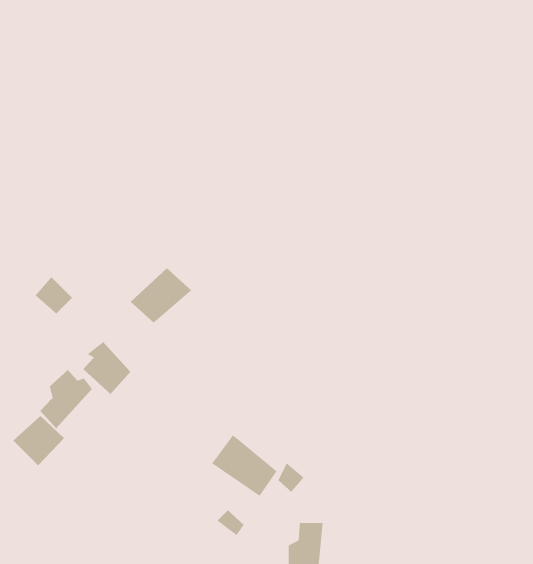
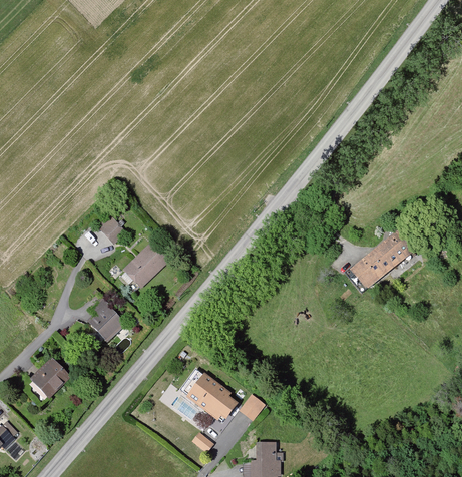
building: none -> [350,229,415,289]
building: [35,276,73,314] -> [95,212,125,243]
building: [39,369,93,429] -> none

